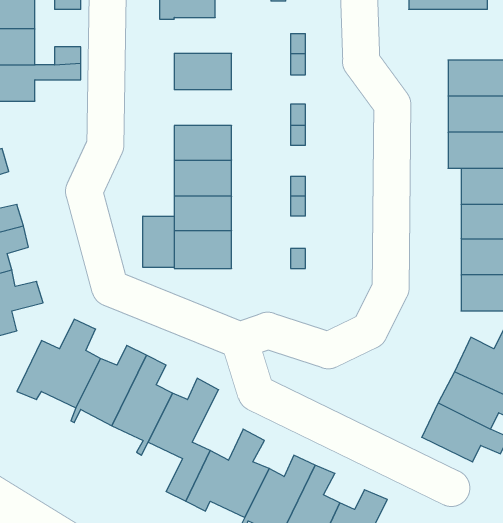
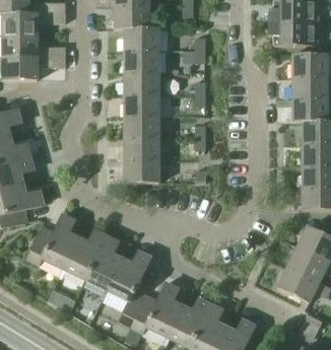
building: none -> [269,21,318,44]
building: none -> [124,26,159,49]
building: none -> [124,71,159,93]
building: [143,216,174,267] -> none

